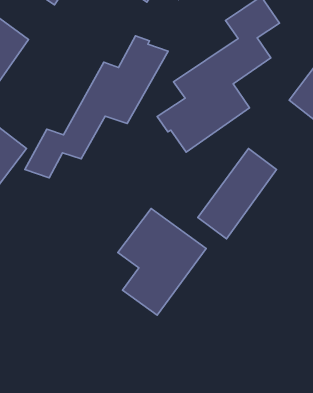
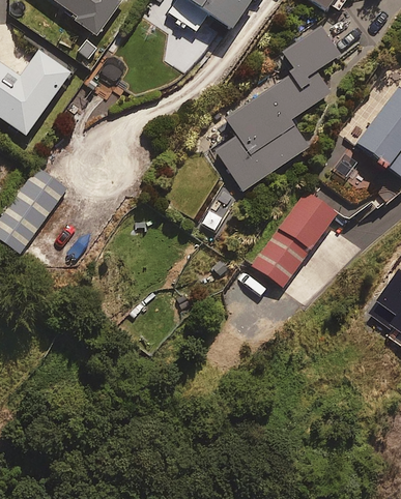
building: [25,36,168,178] -> none
building: [118,208,206,315] -> none

